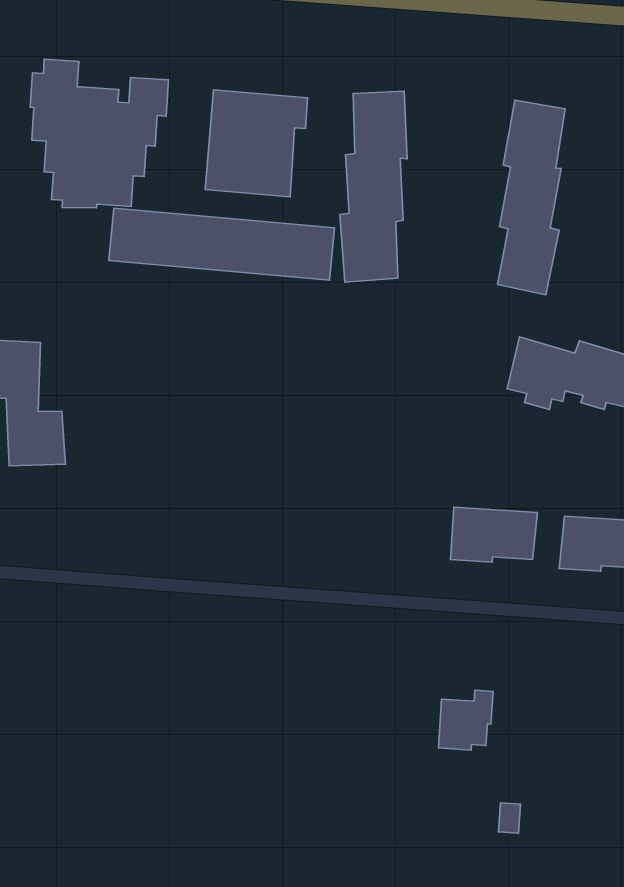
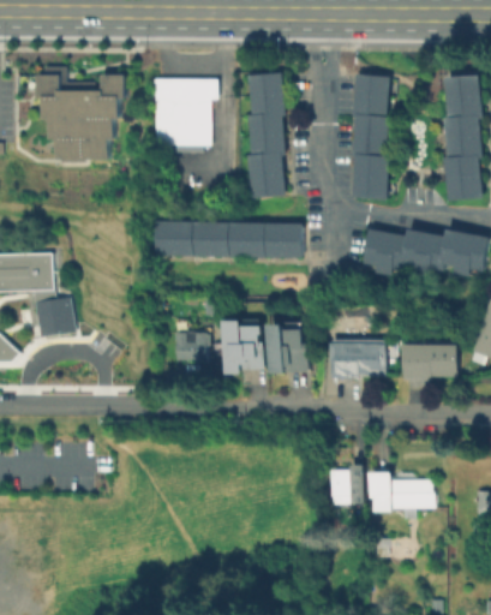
building: [109,208,335,280] -> [154,219,301,257]
building: none -> [224,318,263,374]
building: none -> [269,324,309,374]
building: none -> [175,332,206,363]
building: none -> [372,474,436,508]

